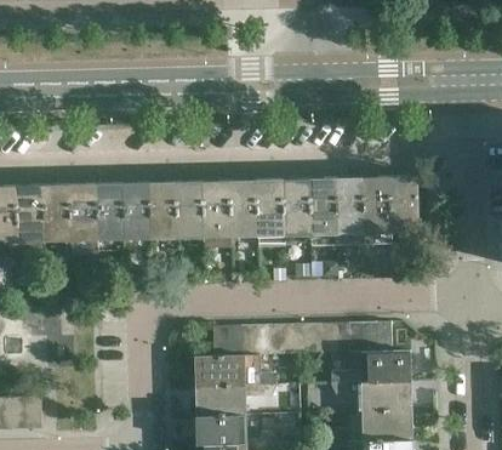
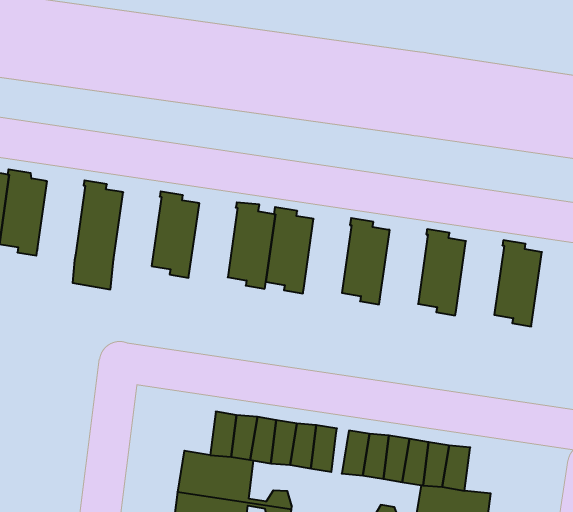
building: [363,177,392,234] -> none
building: [309,178,338,235] -> none
building: [256,180,285,237] -> none
building: [176,182,205,239] -> none
building: [122,183,152,239] -> none
building: [69,184,98,241] -> none

